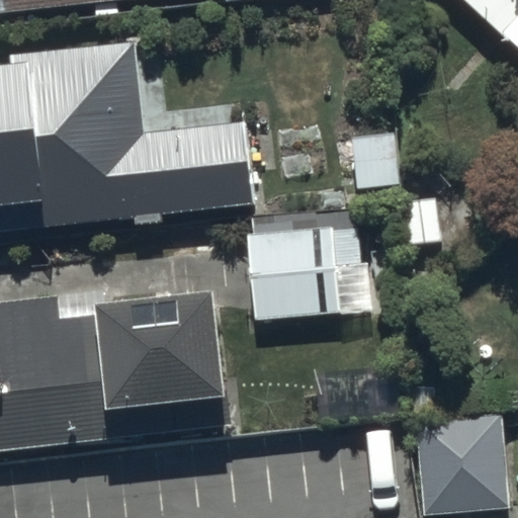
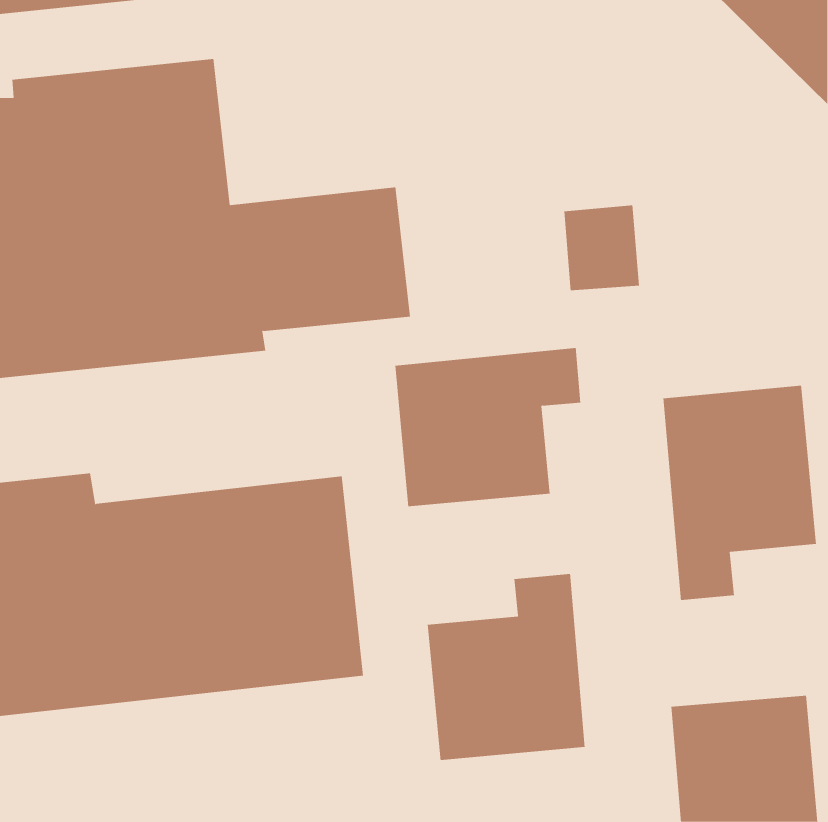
building: none -> [663,385,816,601]
building: none -> [427,573,585,761]

